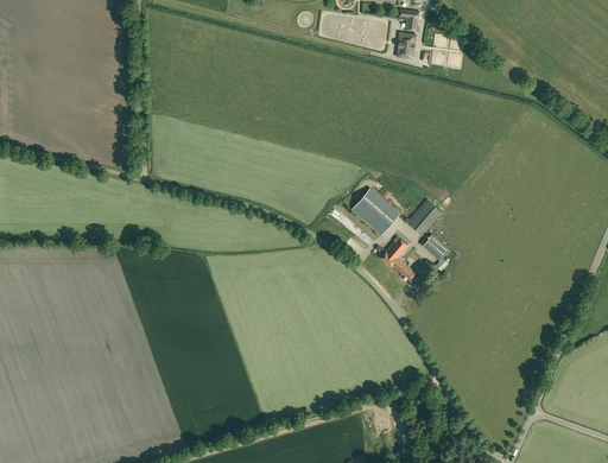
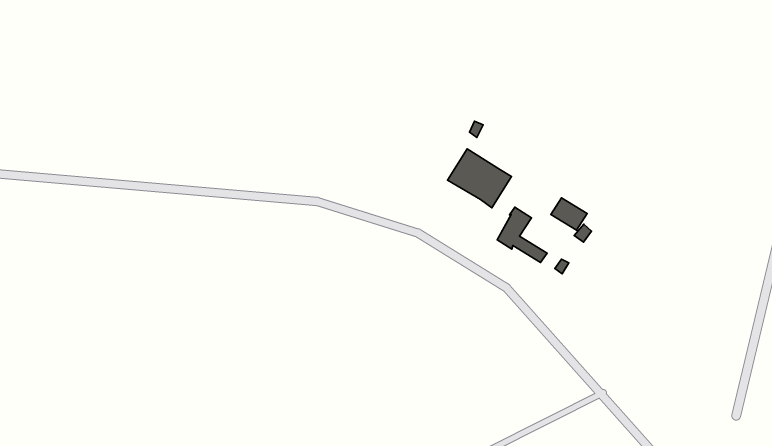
building: [407,198,442,235] -> none

